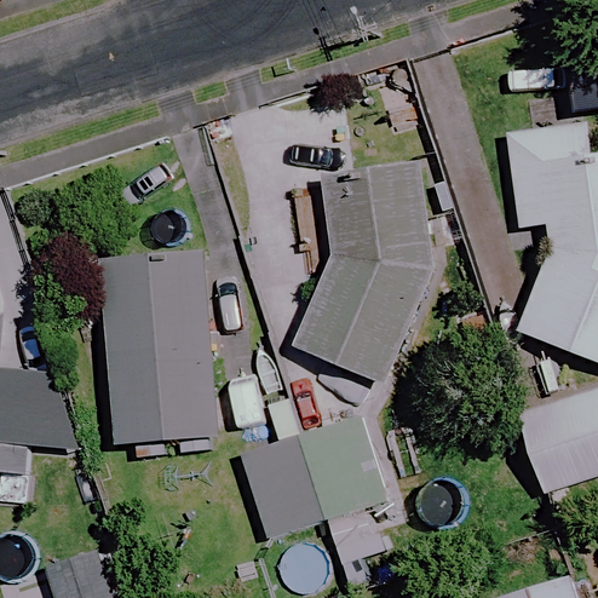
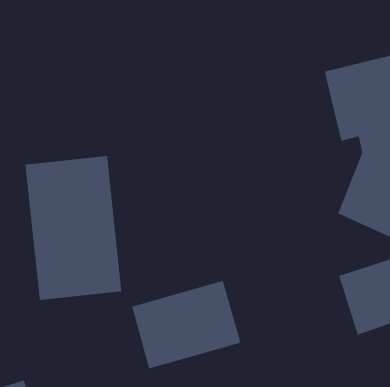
building: [295,160,436,385] -> none

